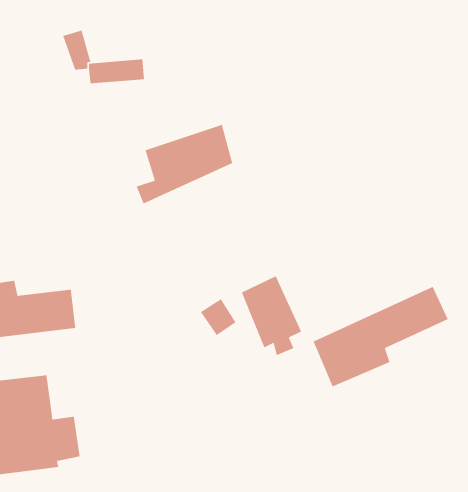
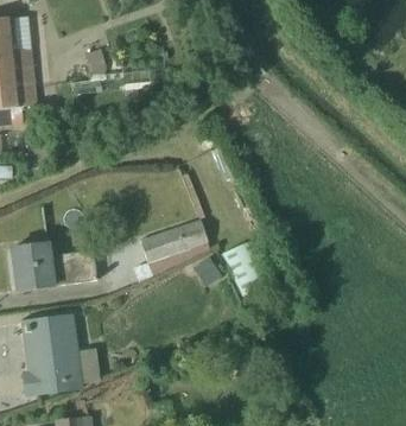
building: [135,124,233,205] -> [133,217,209,280]
building: [313,286,449,387] -> none

